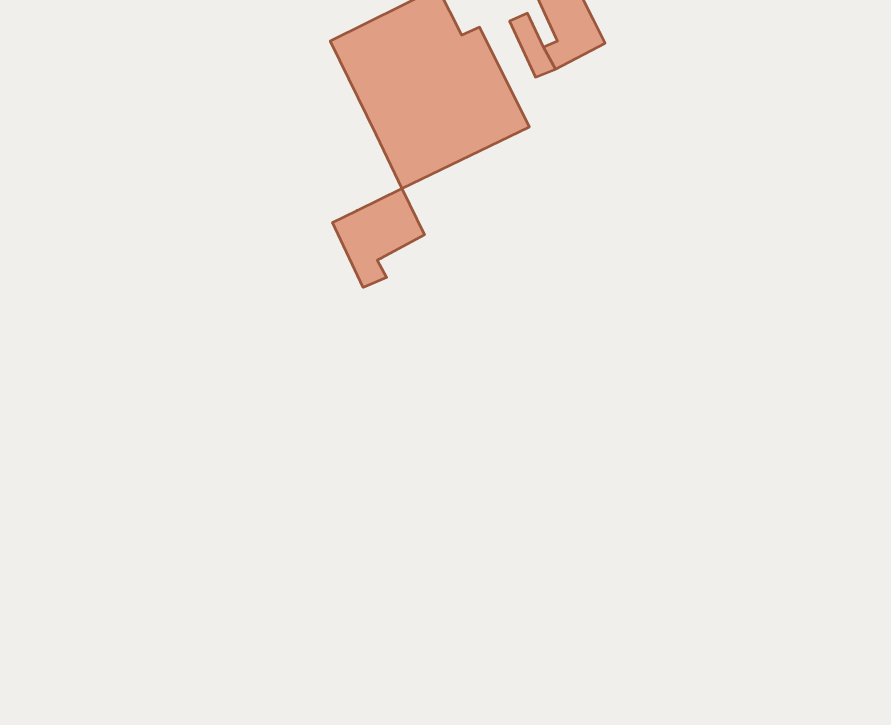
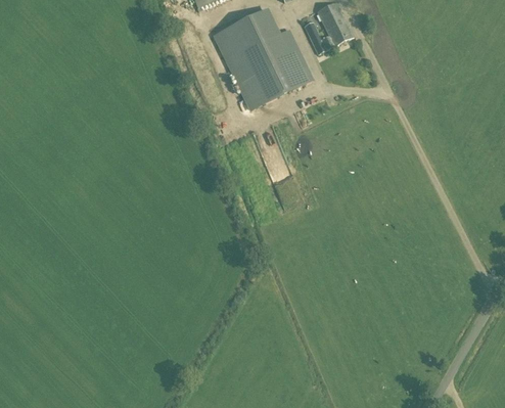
building: [333,189,424,287] -> none

